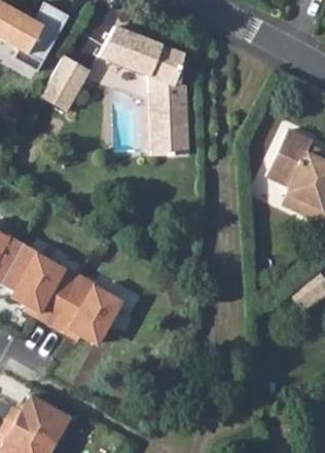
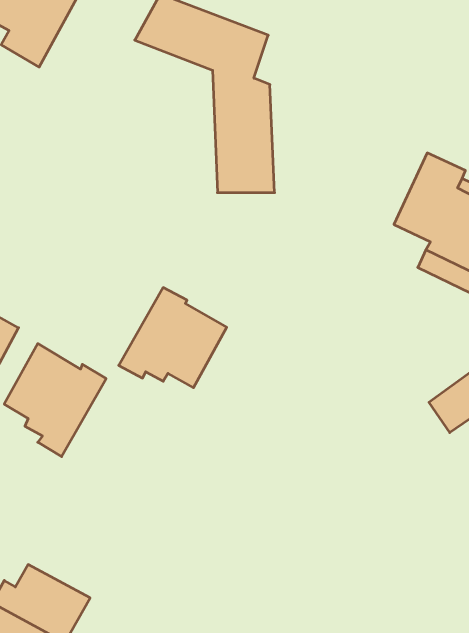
building: [41,55,91,111] -> none
building: [51,275,121,340] -> [119,288,227,388]

